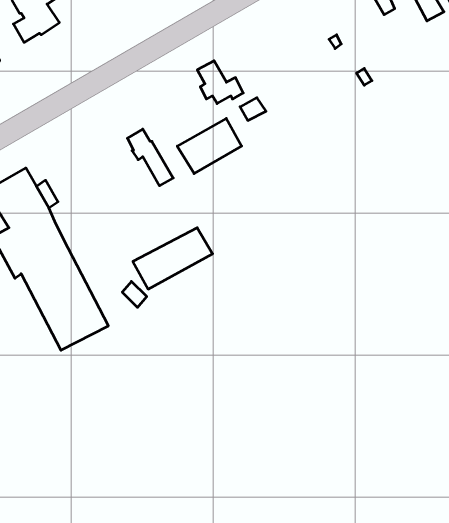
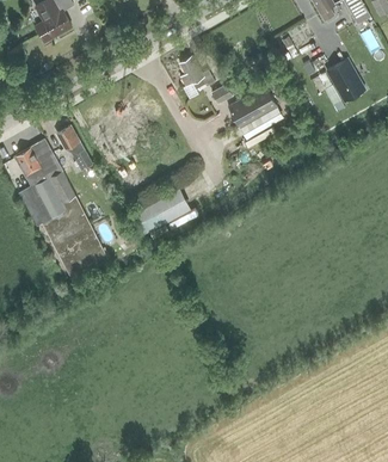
building: none -> [326,58,365,101]
building: [177,118,242,174] -> [228,85,278,128]
building: [127,129,173,186] -> [57,125,93,170]

